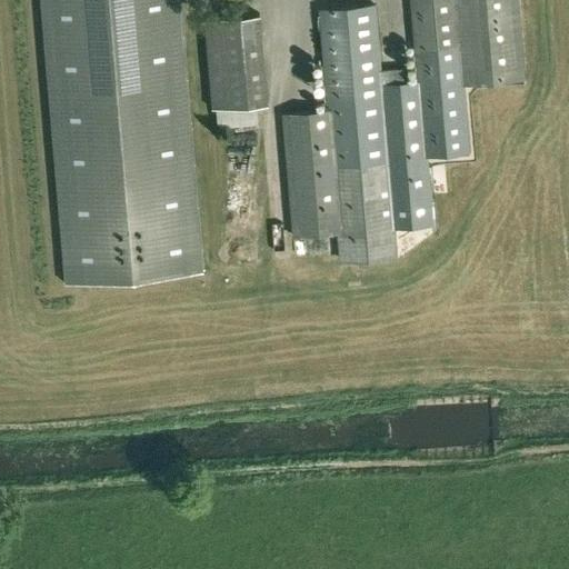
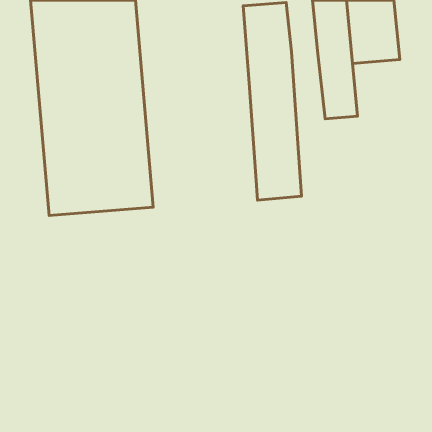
building: [206,14,268,109] -> none
building: [383,68,435,228] -> none
building: [282,111,337,237] -> none

